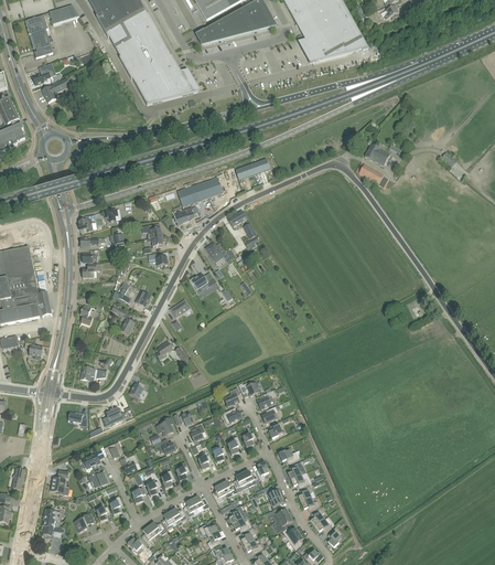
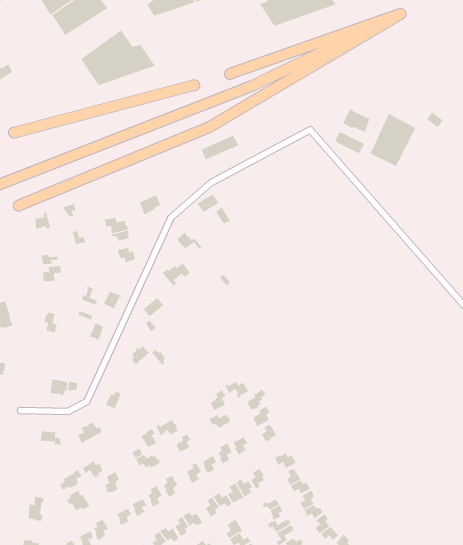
building: [119,34,170,77] -> none
building: none -> [370,113,417,167]
building: [176,175,222,205] -> none

